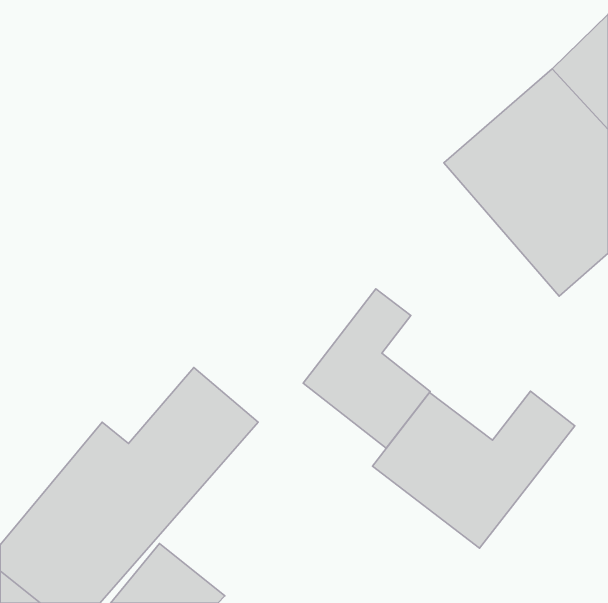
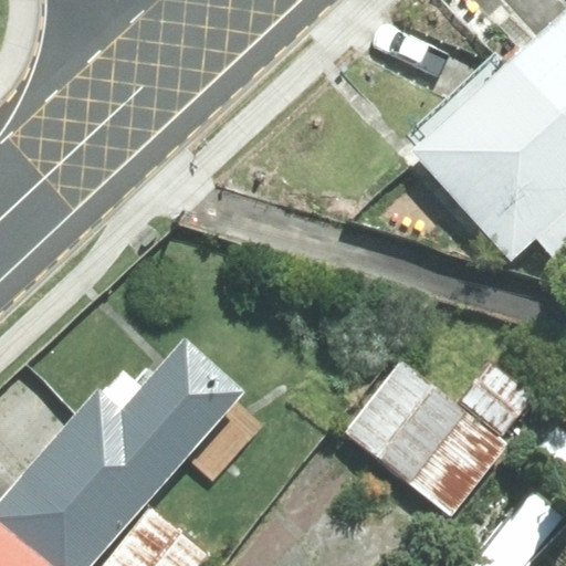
building: [303,289,430,448] -> none

